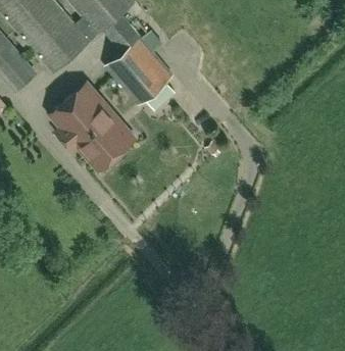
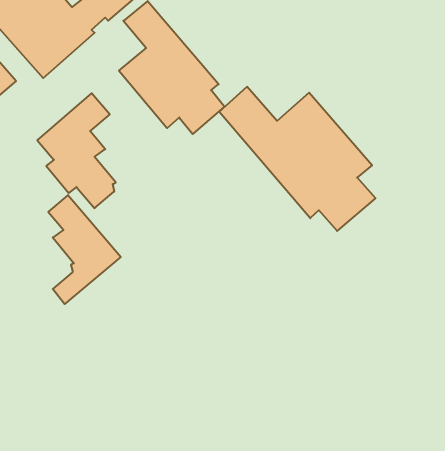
building: none -> [219,87,375,231]
building: [86,96,135,169] -> [48,195,121,304]

